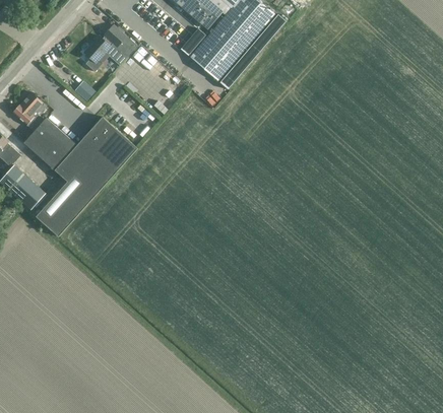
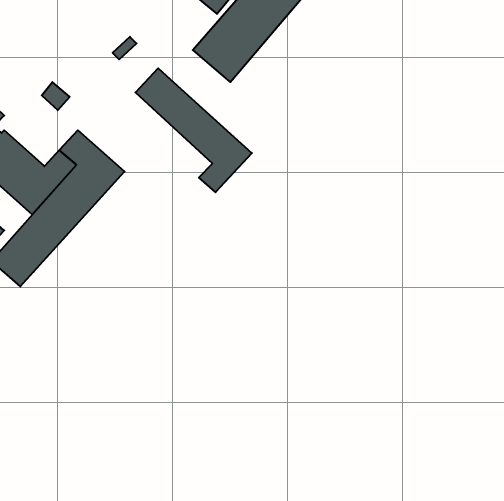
building: [83,24,136,71] -> none
building: none -> [135,68,252,192]

